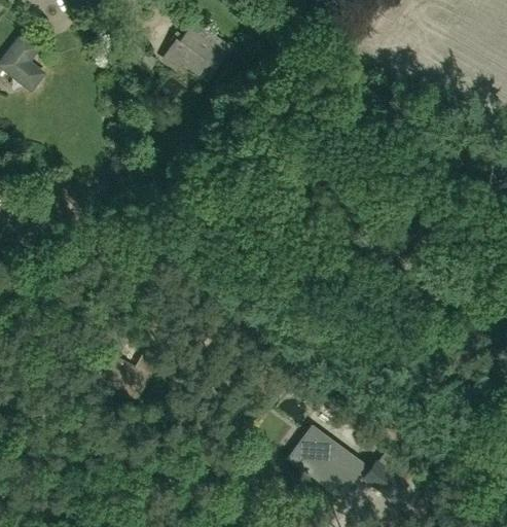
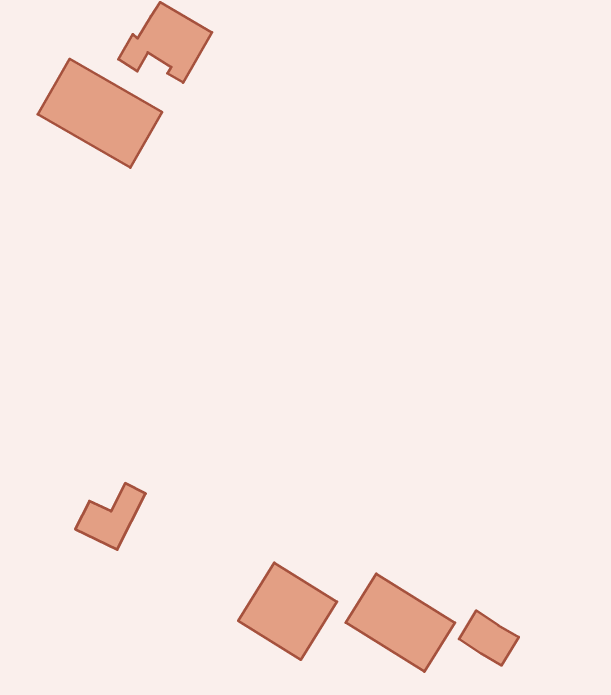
building: none -> [38,59,162,168]
building: none -> [238,563,337,660]

